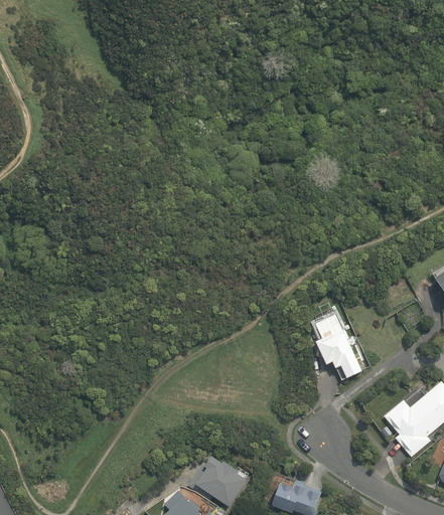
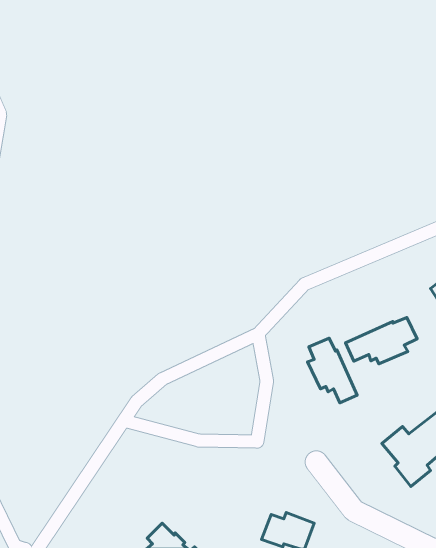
building: none -> [345,317,417,364]
building: [188,457,248,506] -> none

